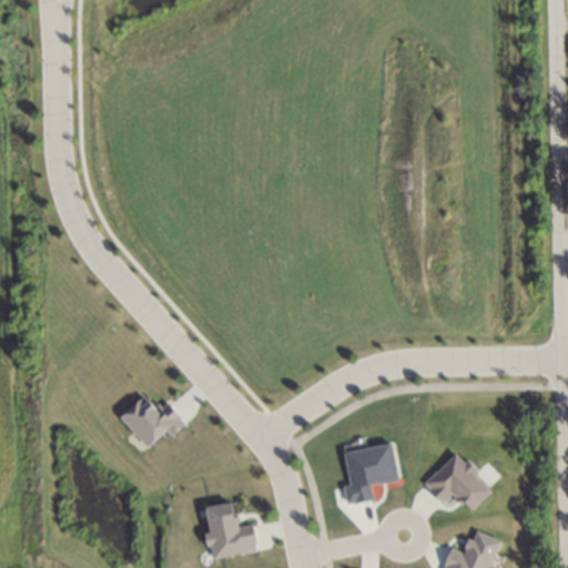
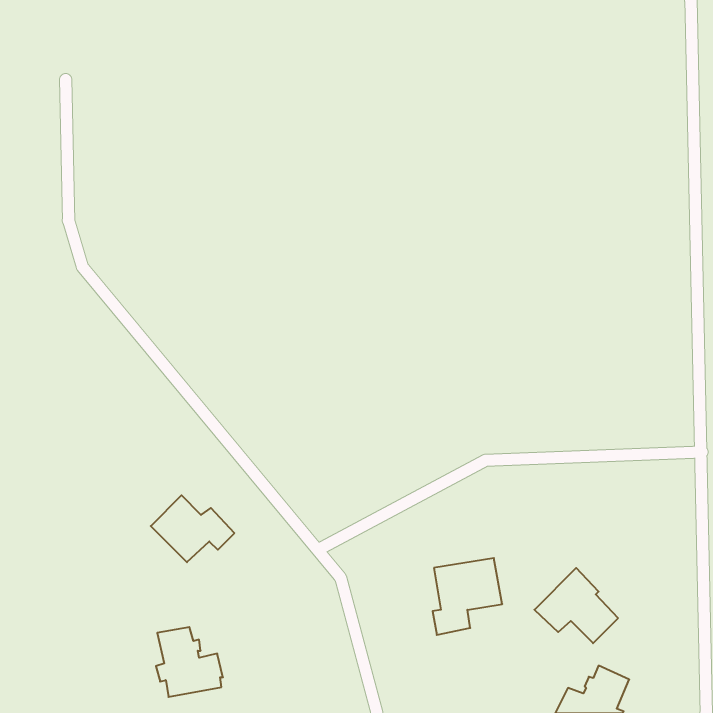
building: [202,501,255,557] -> [156,627,223,697]

